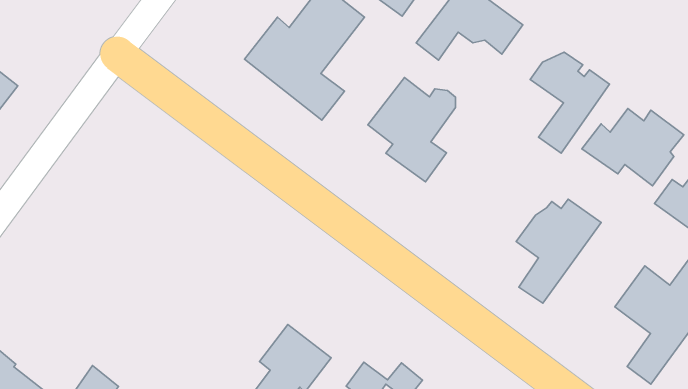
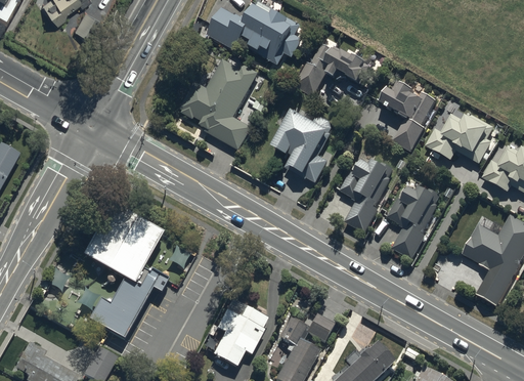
building: none -> [339,158,397,235]
building: none -> [83,202,168,336]

